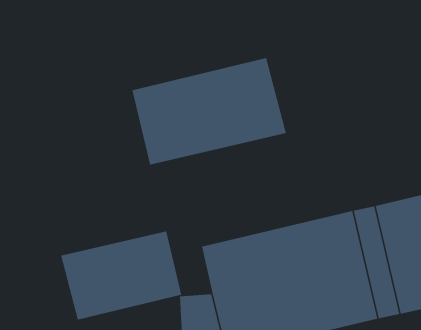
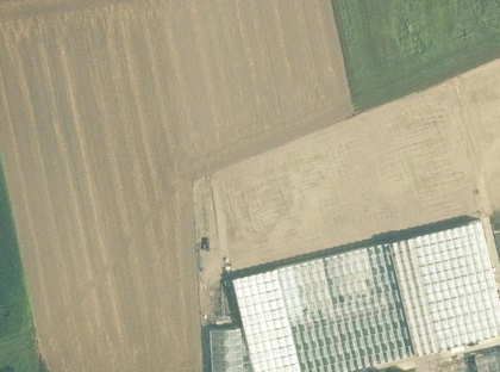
building: [132,57,287,166] -> none
building: [60,231,182,321] -> none

